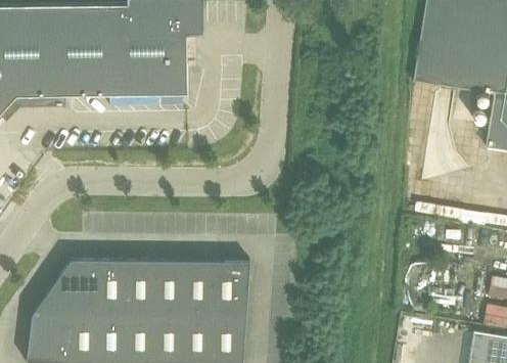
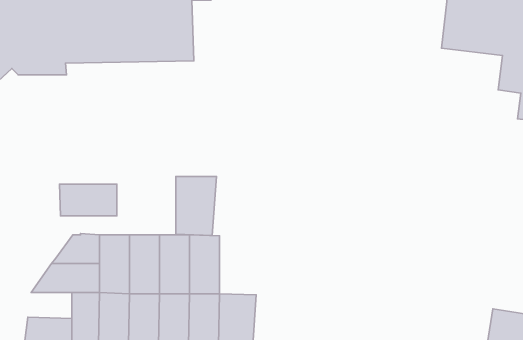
building: none -> [59,184,117,216]
building: [212,262,250,318] -> [176,176,217,235]
building: [29,316,71,341] -> none

